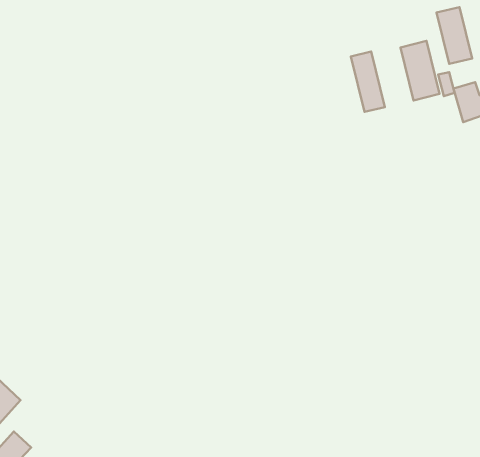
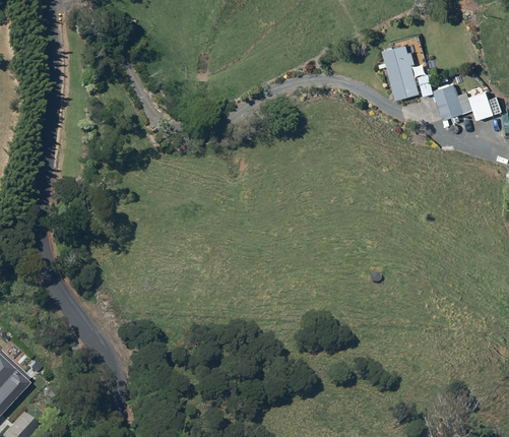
building: [437,7,472,64] -> none
building: [351,52,385,112] -> none

